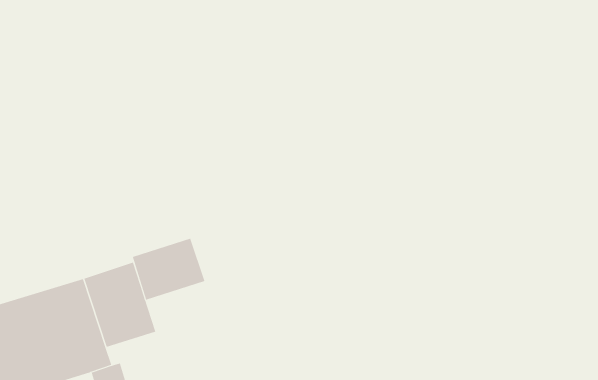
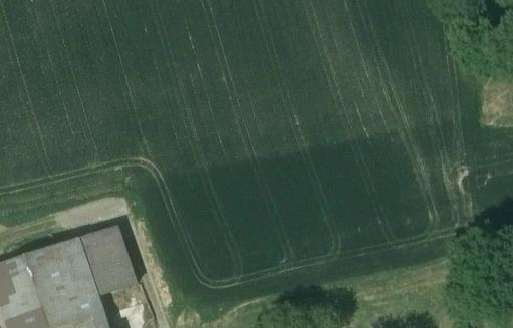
building: [132,238,205,300] -> none

